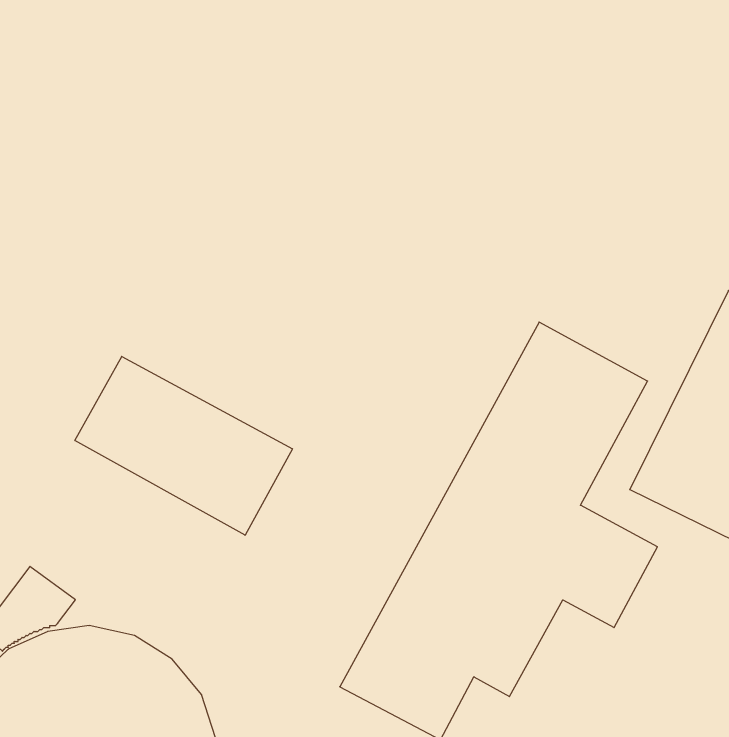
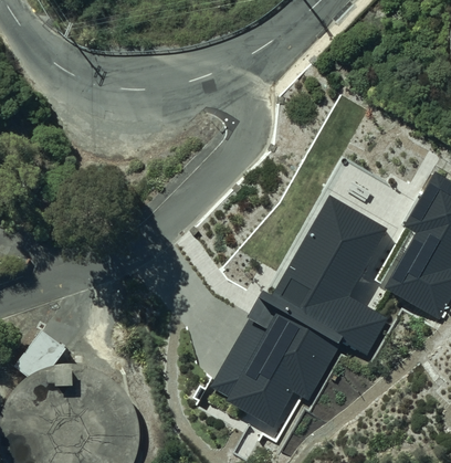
building: [75,356,292,535] -> none

